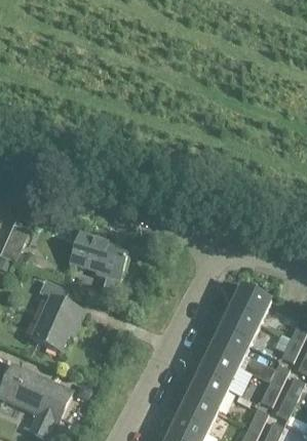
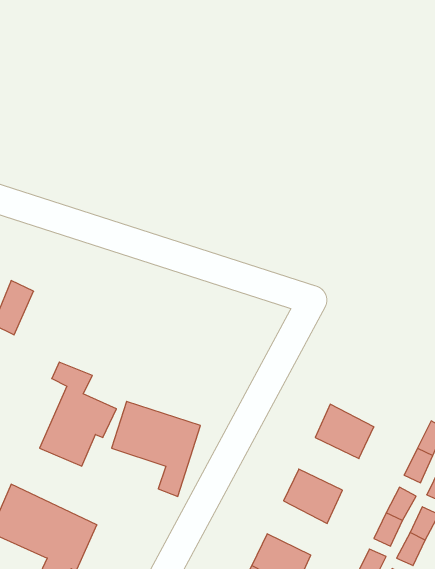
building: [67,231,127,295] -> [112,401,200,496]
building: [229,287,270,324] -> none
building: [207,331,248,367] -> none
building: [186,374,227,411] -> none

